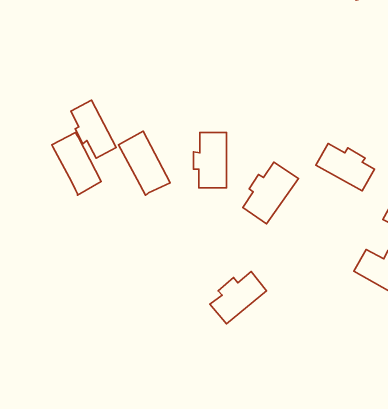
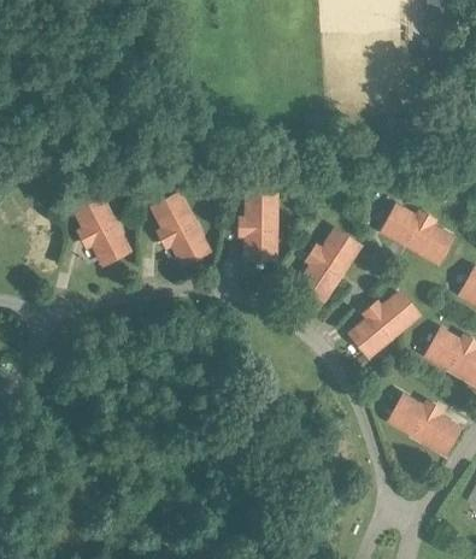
building: [71,100,116,158] -> none
building: [210,271,266,324] -> [349,294,416,355]
building: none -> [389,396,458,453]

